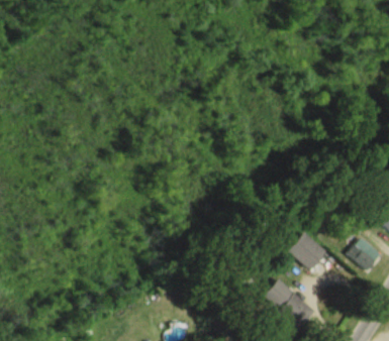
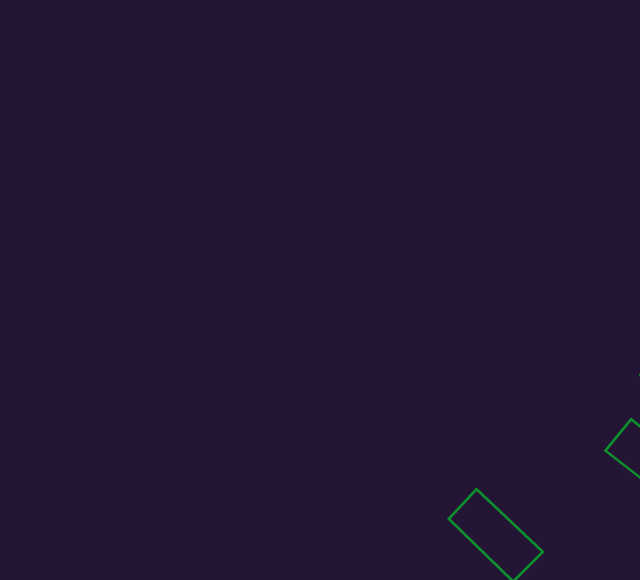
building: [289,233,328,271] -> none

